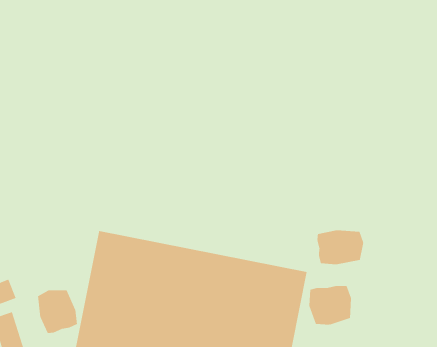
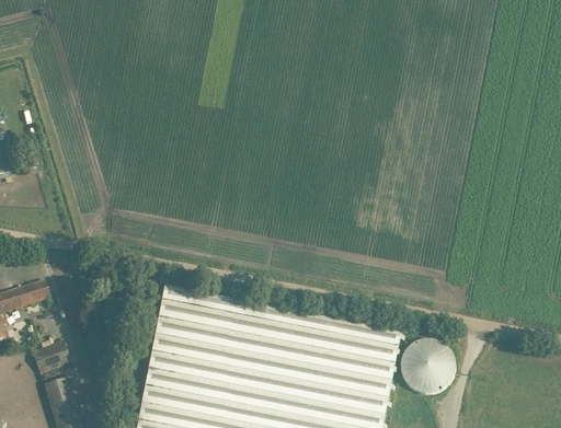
building: [317,230,364,265] -> none
building: [38,289,77,334] -> none

